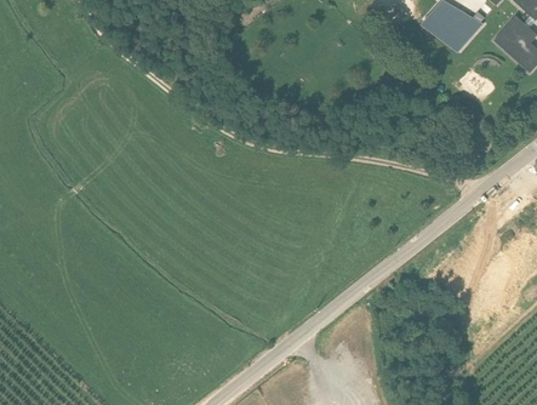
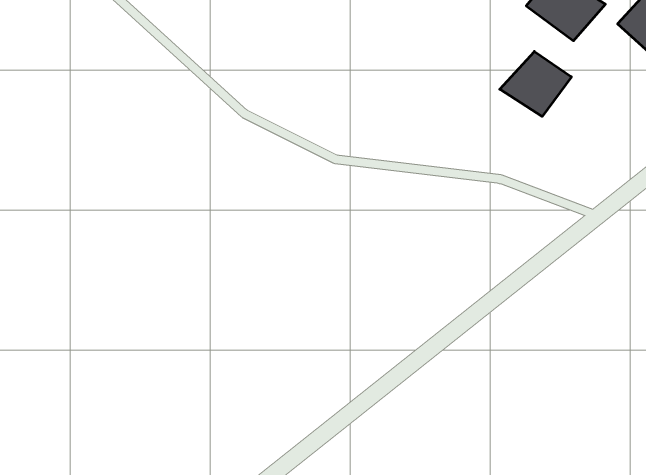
building: none -> [500,51,571,116]

